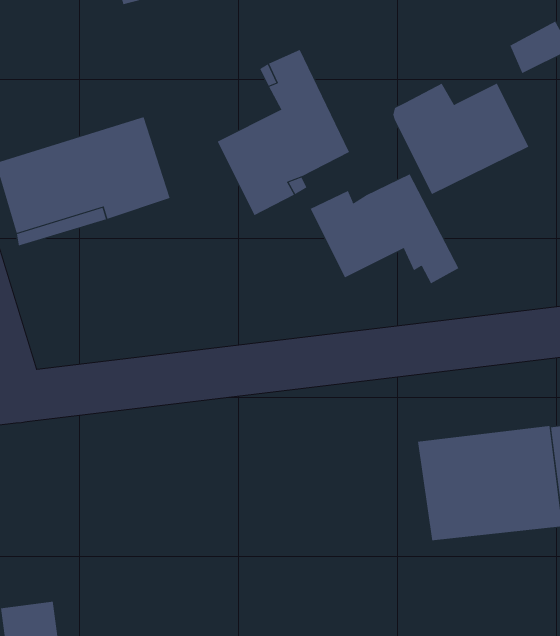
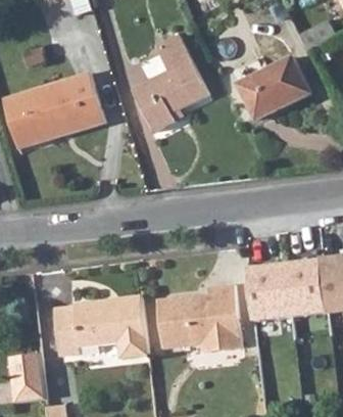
building: [310,173,459,284] -> none
building: none -> [156,283,240,353]
building: none -> [54,295,147,359]

